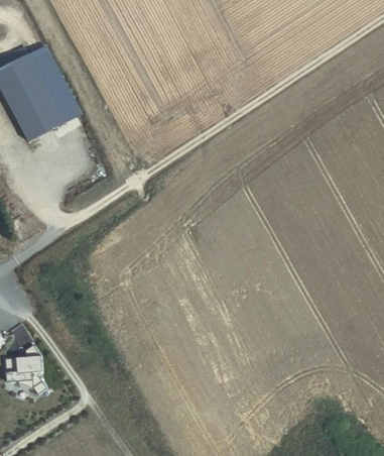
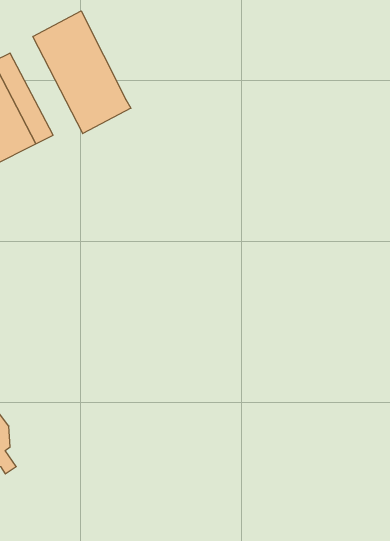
building: none -> [33,11,131,134]

